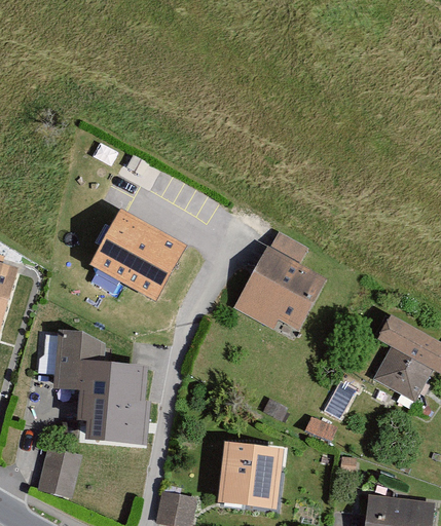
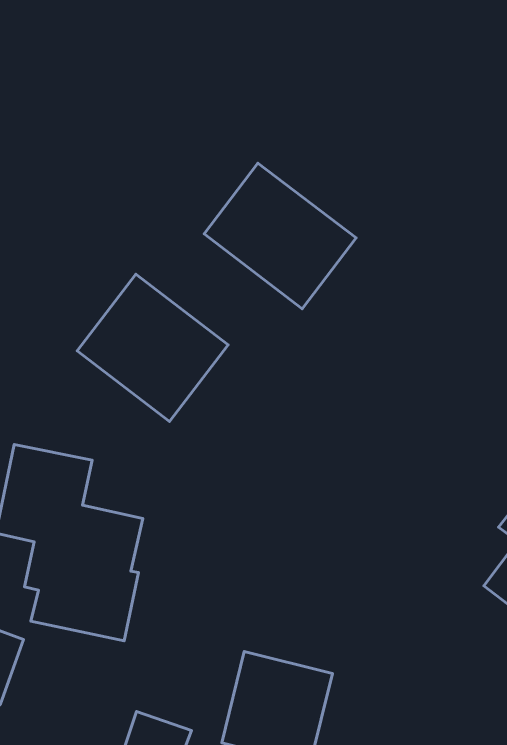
building: none -> [204,163,356,309]
building: [233,246,327,330] -> none

